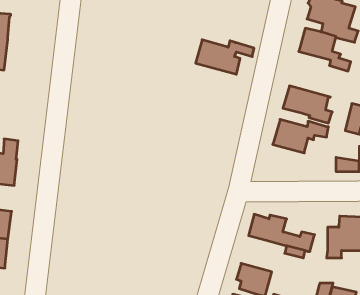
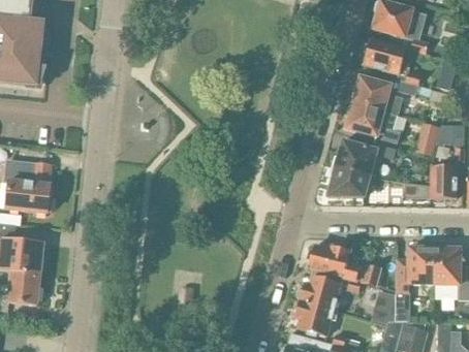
building: [196,40,254,74] -> [353,76,418,115]
building: none -> [327,167,370,196]
building: none -> [300,275,341,309]
building: none -> [371,289,395,323]

